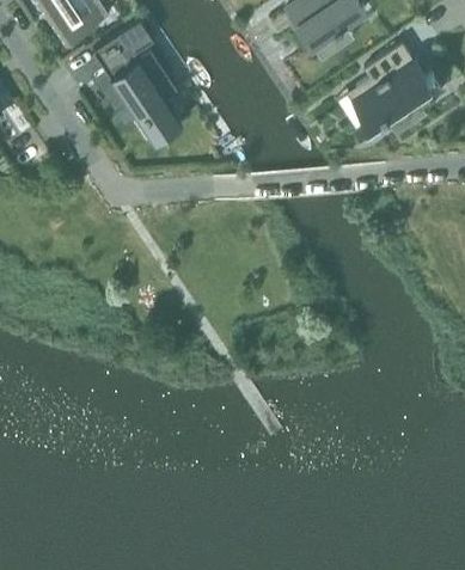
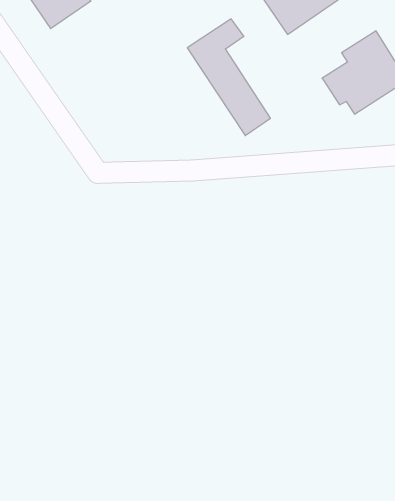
building: [94,23,181,143] -> [187,19,270,136]

